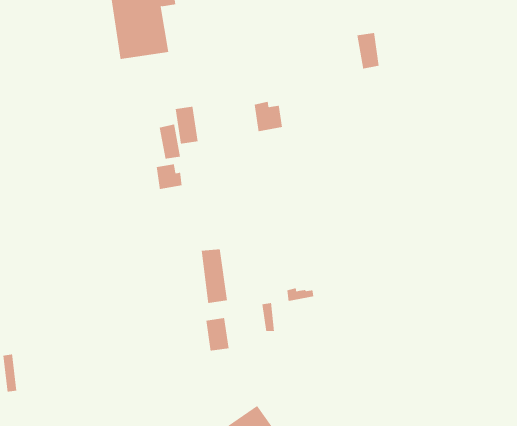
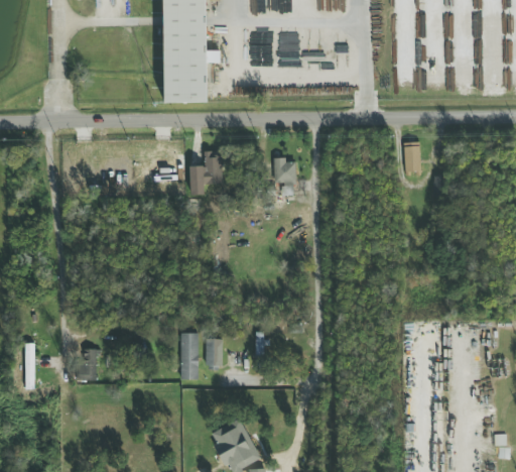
building: [356,33,380,69] -> [404,142,420,172]
building: [156,163,182,190] -> none
building: [201,249,228,303] -> [180,333,199,379]
building: none -> [79,349,97,380]

